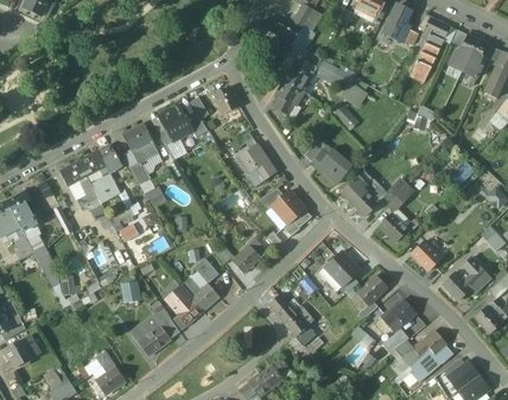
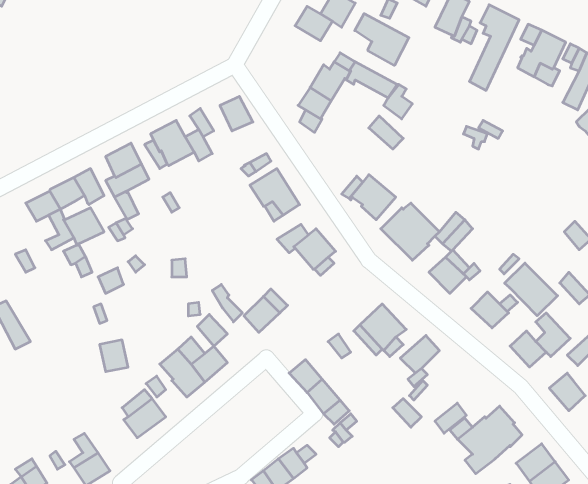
building: none -> [355,14,409,65]
building: none -> [505,263,558,316]
building: [381,299,415,332] -> none

